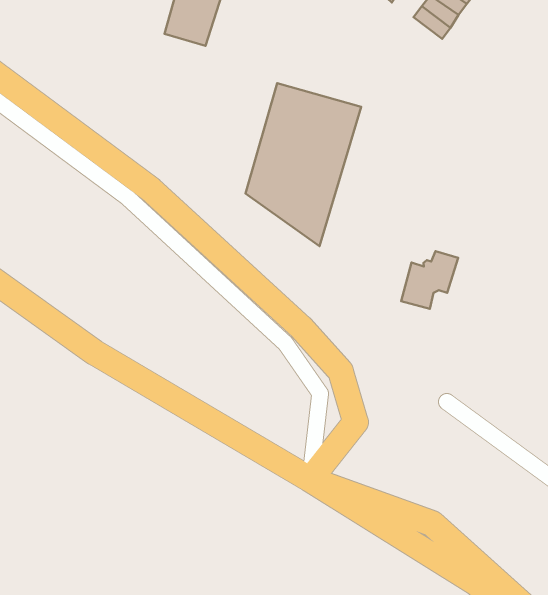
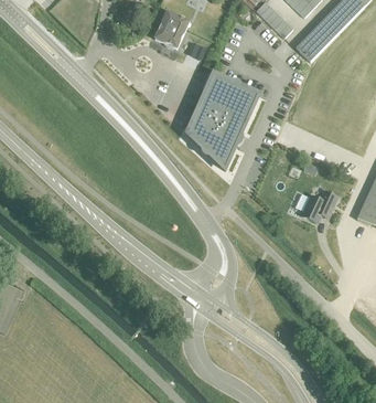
building: [401,251,458,309] -> [302,189,337,221]

